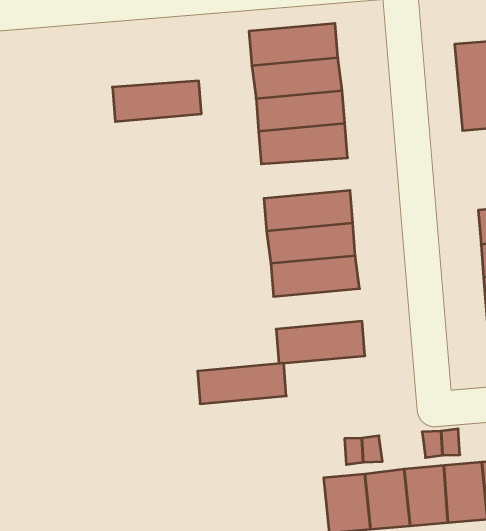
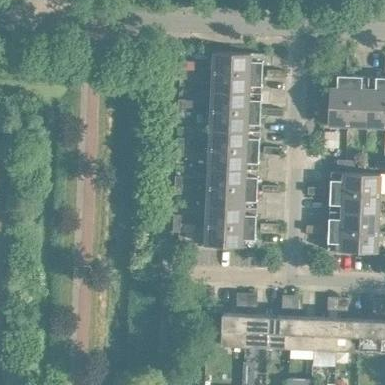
building: [112,81,201,122] -> [208,129,259,151]
building: [198,363,286,404] -> [205,206,256,227]

